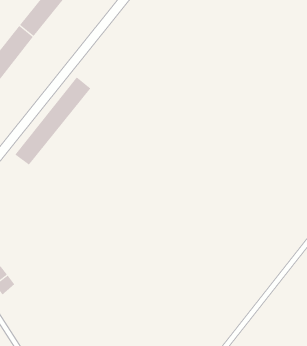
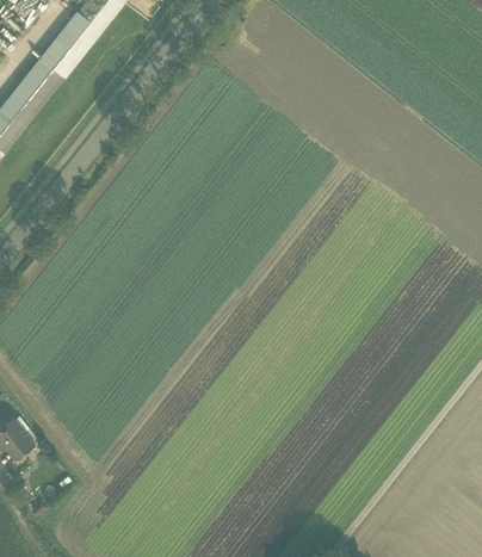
building: [15,77,91,166] -> none

